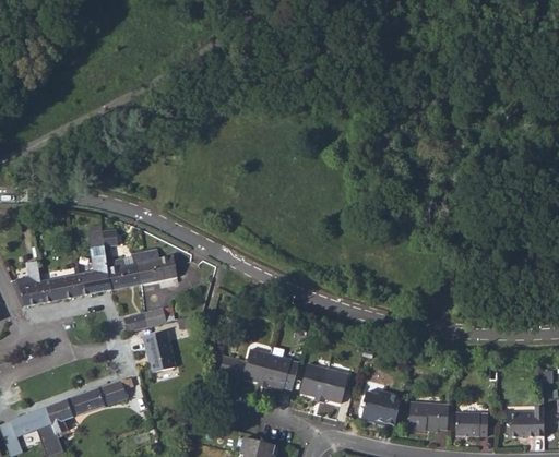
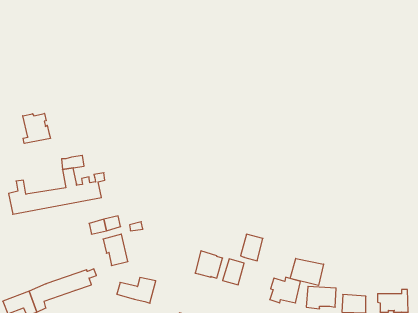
building: none -> [23,113,50,143]
building: [135,248,176,284] -> none
building: [219,349,271,383] -> [117,278,156,303]
building: none -> [290,258,324,285]
building: [320,370,349,405] -> [241,234,263,261]

